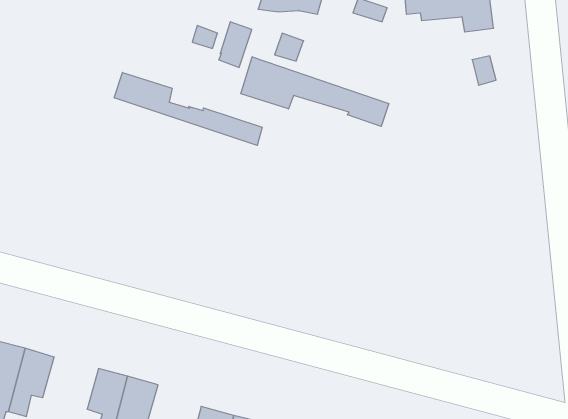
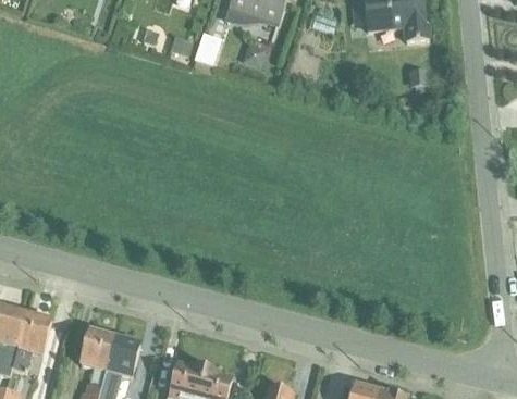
building: [241,57,389,126] -> none
building: [114,72,262,145] -> none

